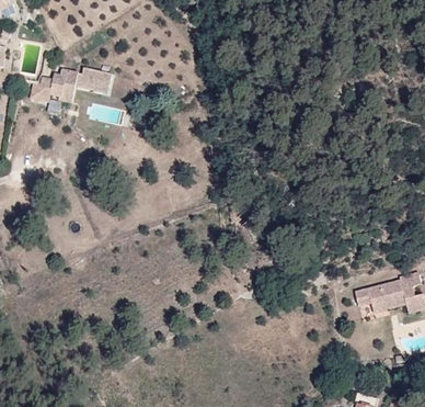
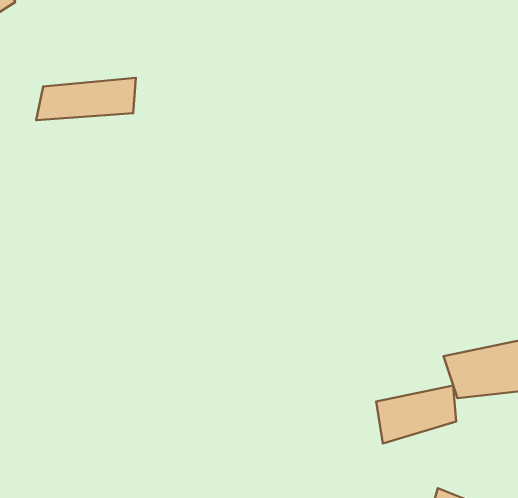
building: none -> [376,386,456,443]

